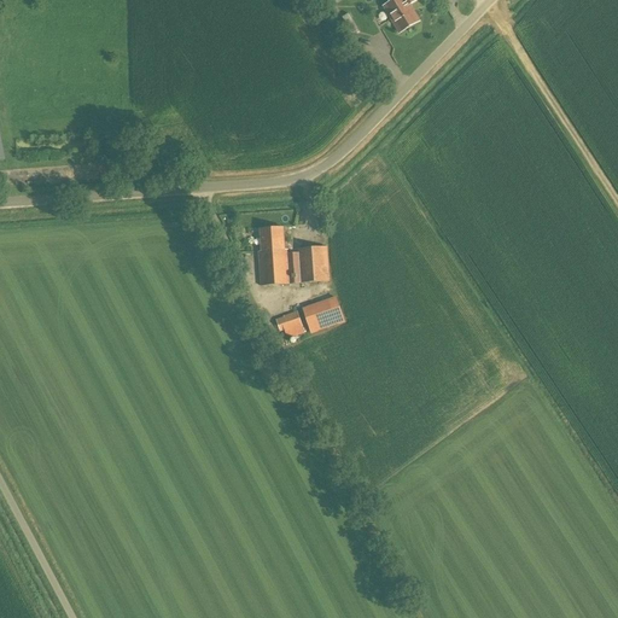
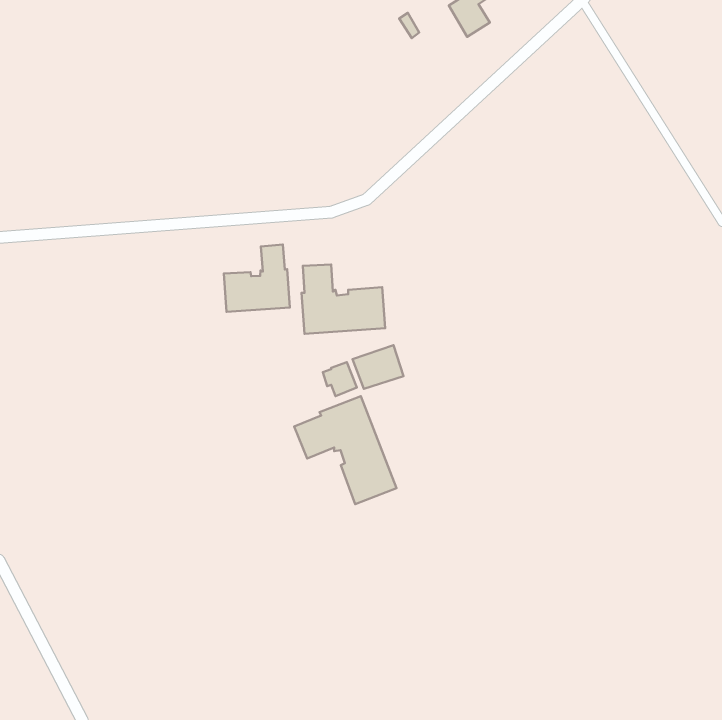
building: none -> [224,245,290,312]
building: none -> [294,396,396,504]

